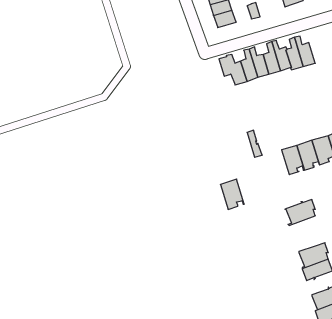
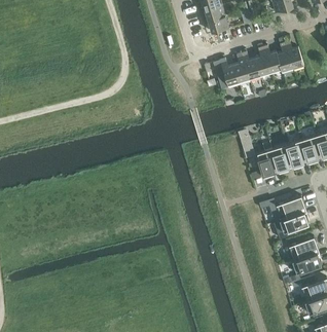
building: [220,179,244,209] -> [257,149,280,178]
building: none -> [274,212,308,239]

